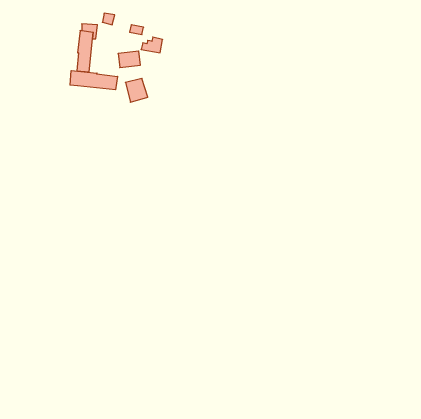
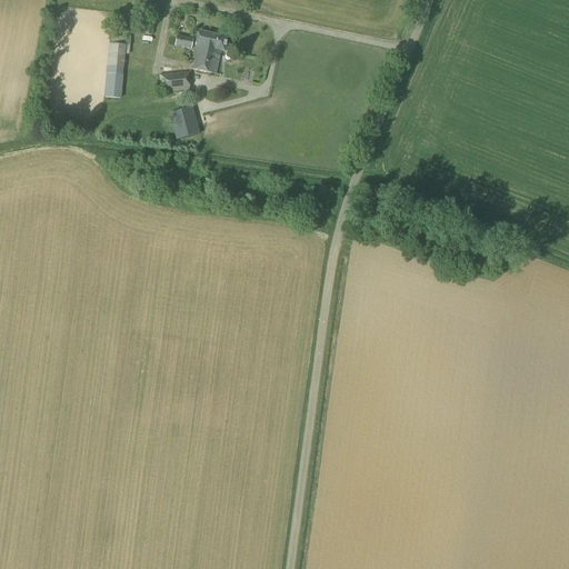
building: none -> [193,30,228,59]
building: [70,71,118,90] -> none

